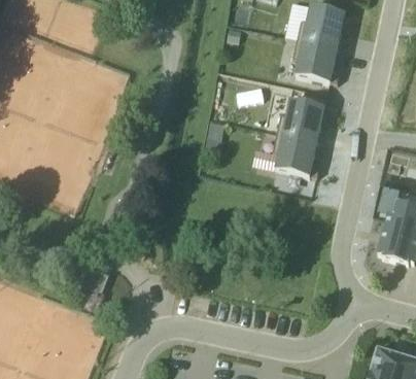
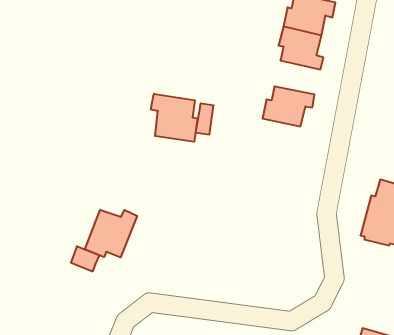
building: none -> [151,94,198,142]
building: [272,130,319,174] -> none
building: none -> [85,210,137,257]

